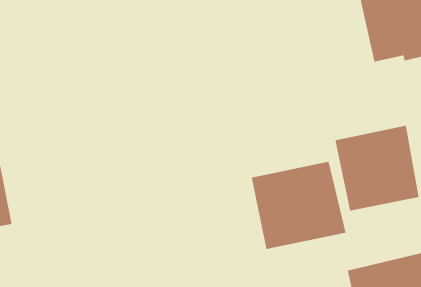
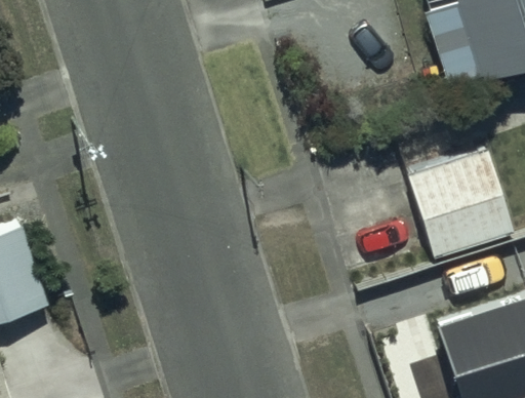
building: [251,161,347,250] -> none

